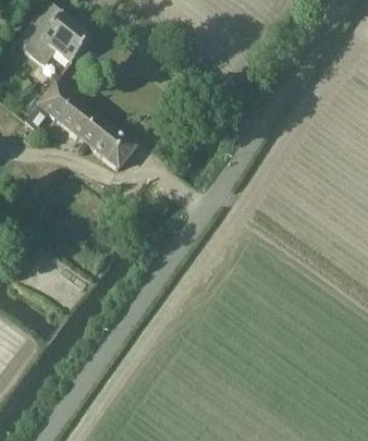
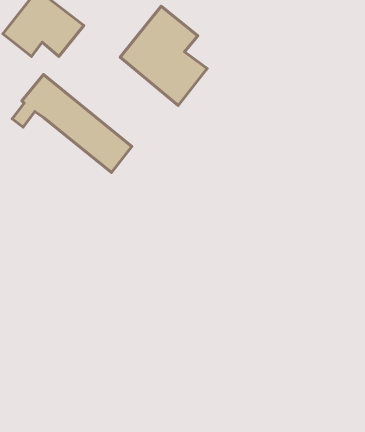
building: none -> [120,6,207,105]

